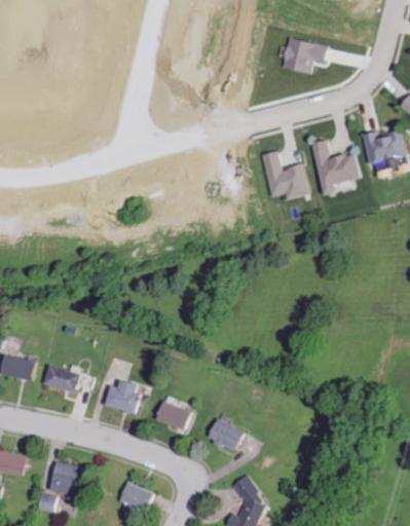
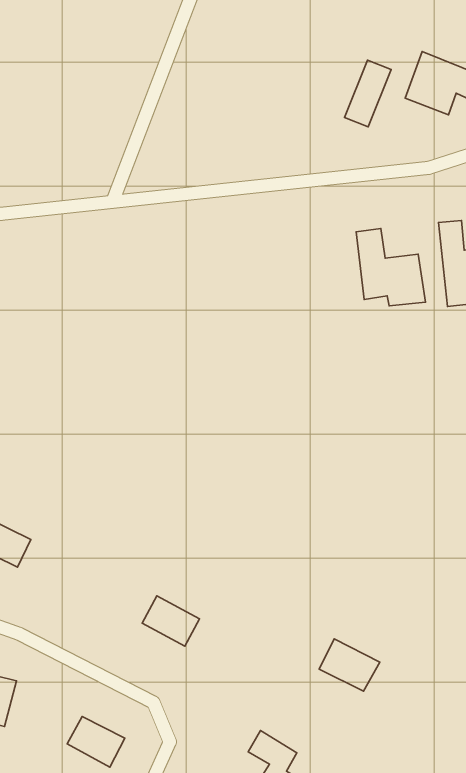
building: none -> [345,60,391,127]
building: [103,379,140,414] -> none
building: [208,420,246,451] -> [319,639,380,691]

